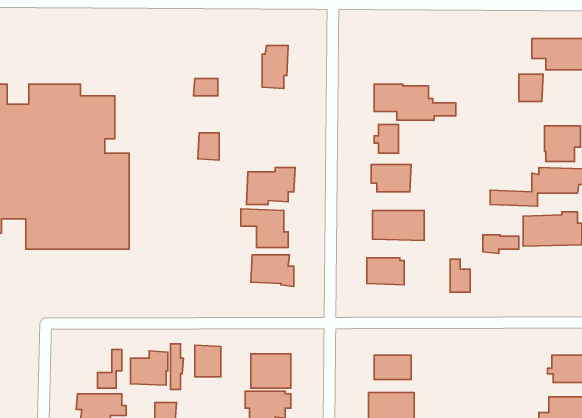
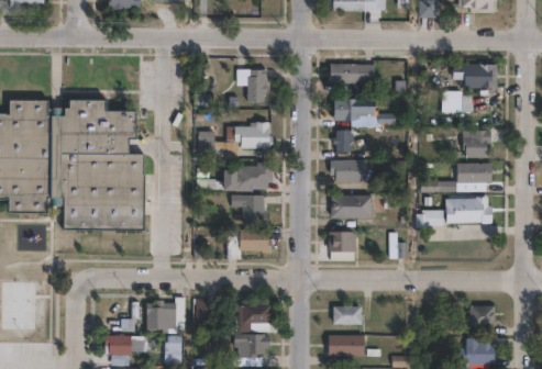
building: none -> [329,64,375,82]
building: none -> [226,122,273,149]

